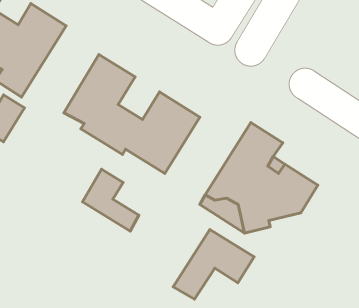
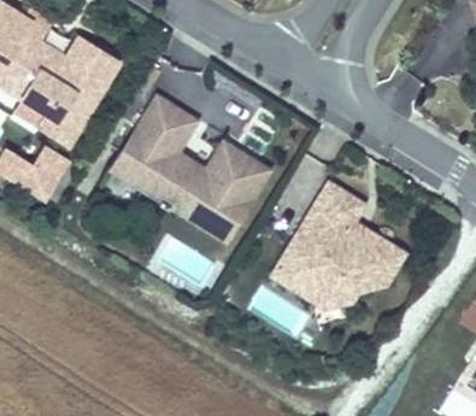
building: [83,169,139,231] -> none
building: [173,230,254,299] -> none

